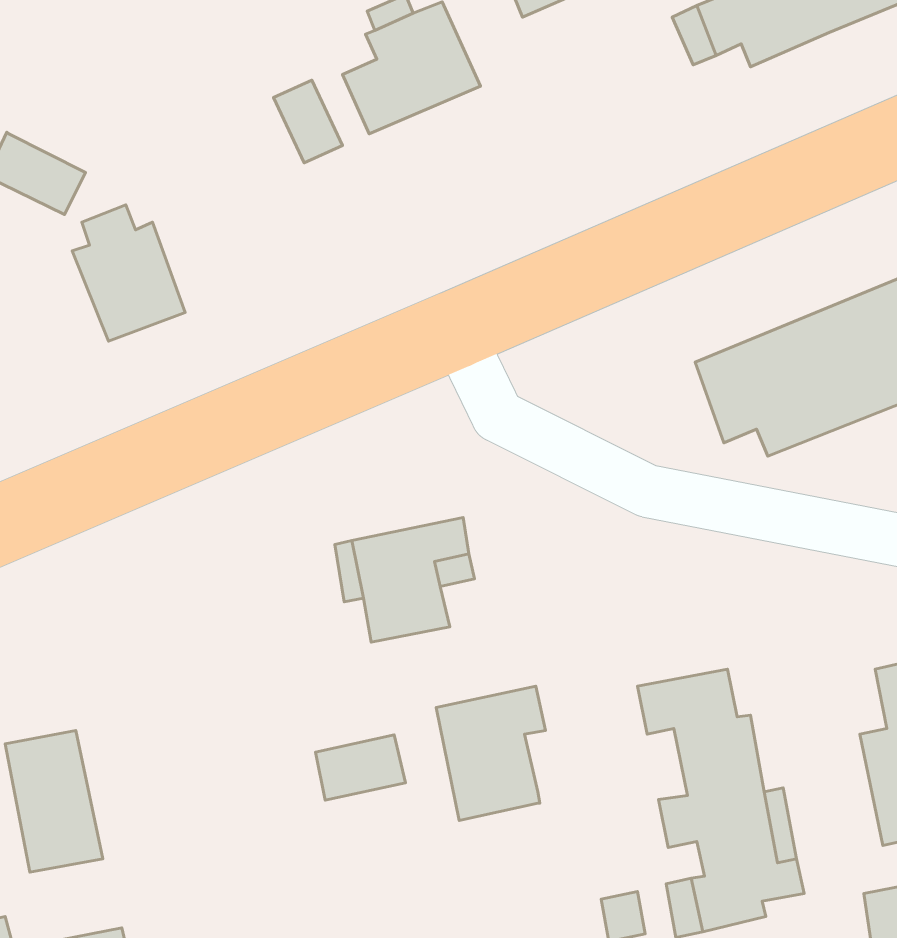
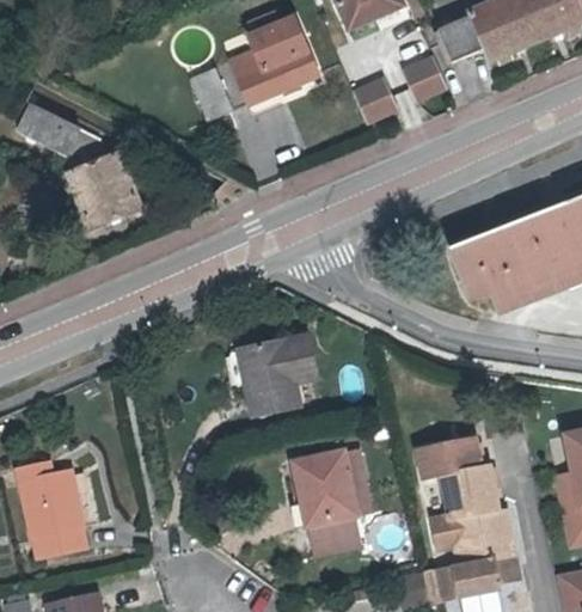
building: none -> [402,56,447,100]
building: none -> [354,76,399,121]
building: [316,735,406,800] -> [308,520,364,561]

